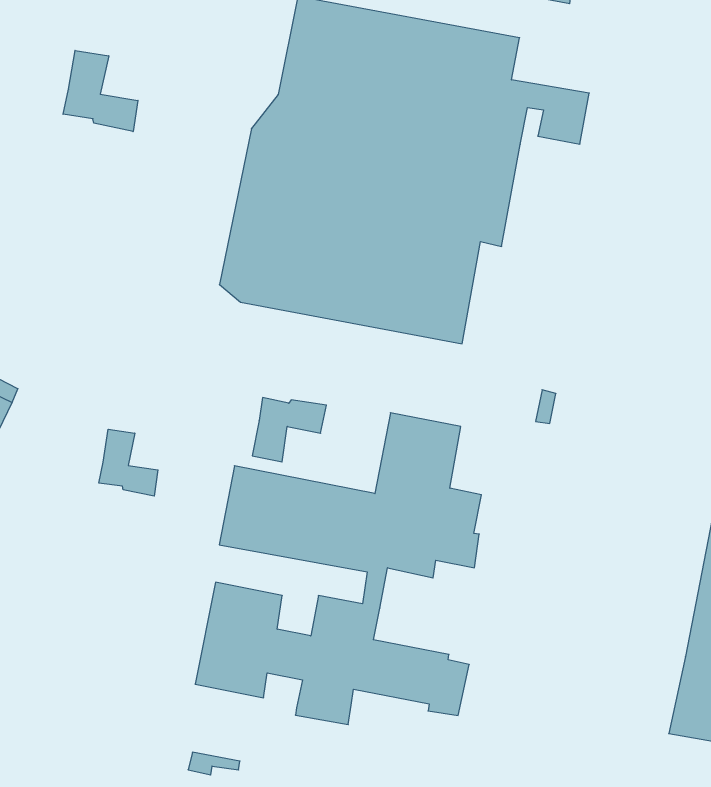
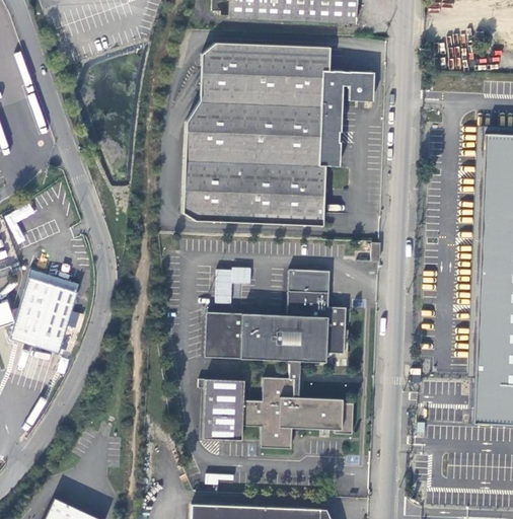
building: [63,50,138,132] -> none
building: [99,429,158,496] -> none

